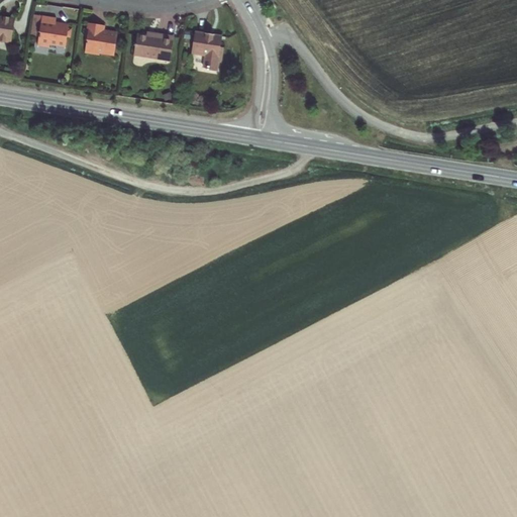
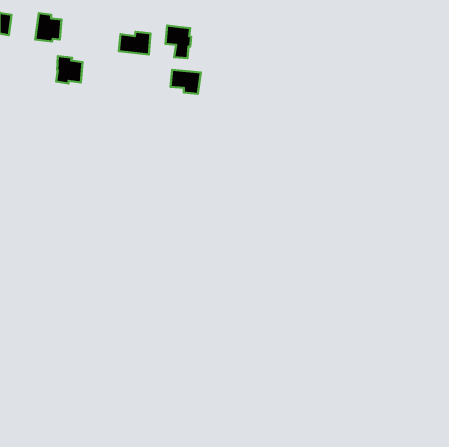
building: [84,21,114,53] -> [56,56,83,83]
building: none -> [170,70,201,94]

